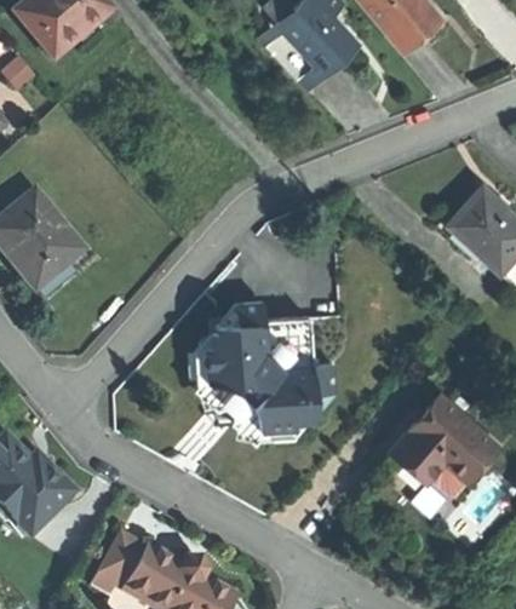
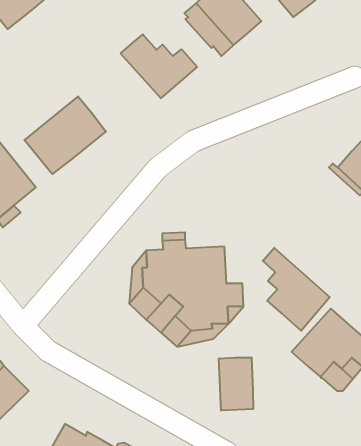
building: none -> [121,34,197,98]
building: none -> [24,96,106,174]
building: none -> [263,248,330,331]
building: none -> [219,357,253,411]

